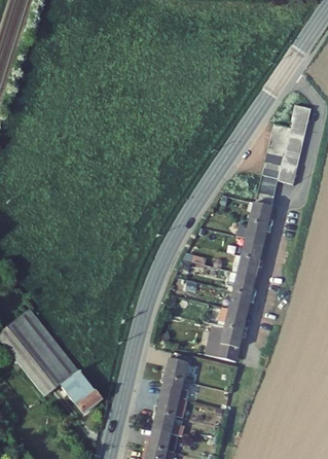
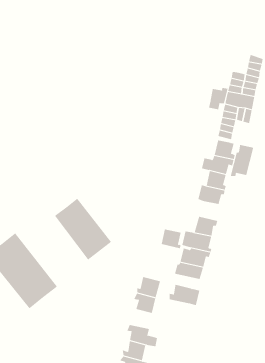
building: none -> [208,87,228,110]
building: none -> [230,144,254,177]
building: none -> [54,198,112,261]
building: [234,270,258,292] -> [161,229,181,249]
building: [58,365,101,414] -> none
building: [155,393,191,418] -> [169,284,200,306]

